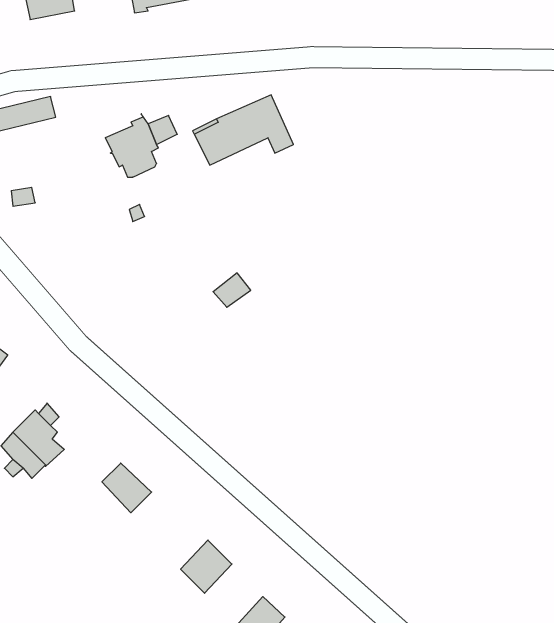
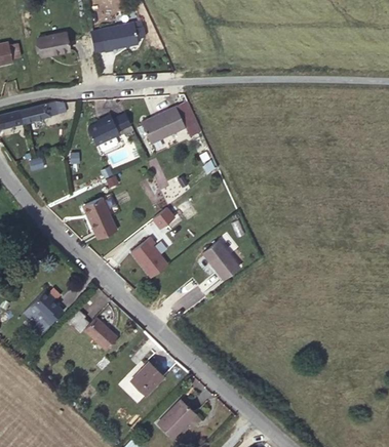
building: none -> [84,197,116,238]
building: none -> [131,237,168,278]
building: none -> [203,241,239,279]

